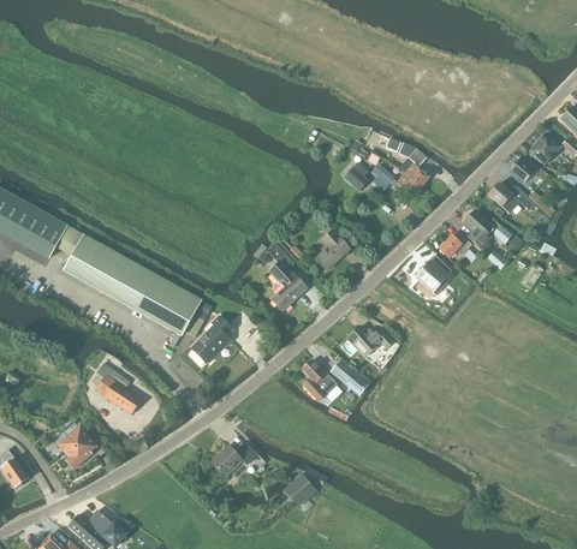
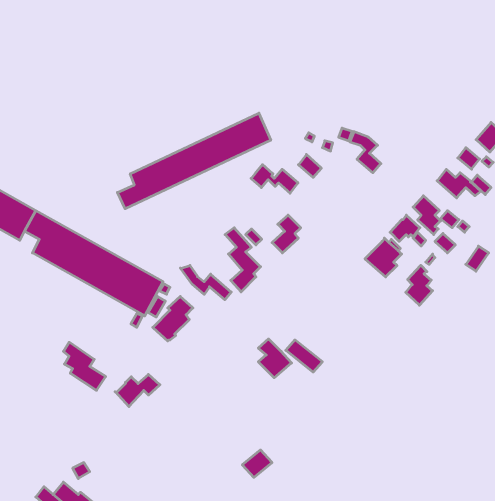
building: none -> [117,113,271,209]
building: [371,166,421,196] -> [251,165,298,193]
building: none -> [406,265,433,305]
building: none -> [180,265,231,300]
building: [345,324,392,356] -> none
building: [56,424,96,469] -> none
building: [210,442,257,476] -> [115,374,160,407]

